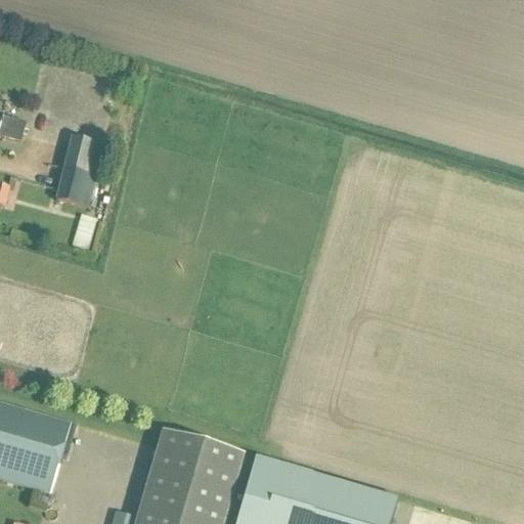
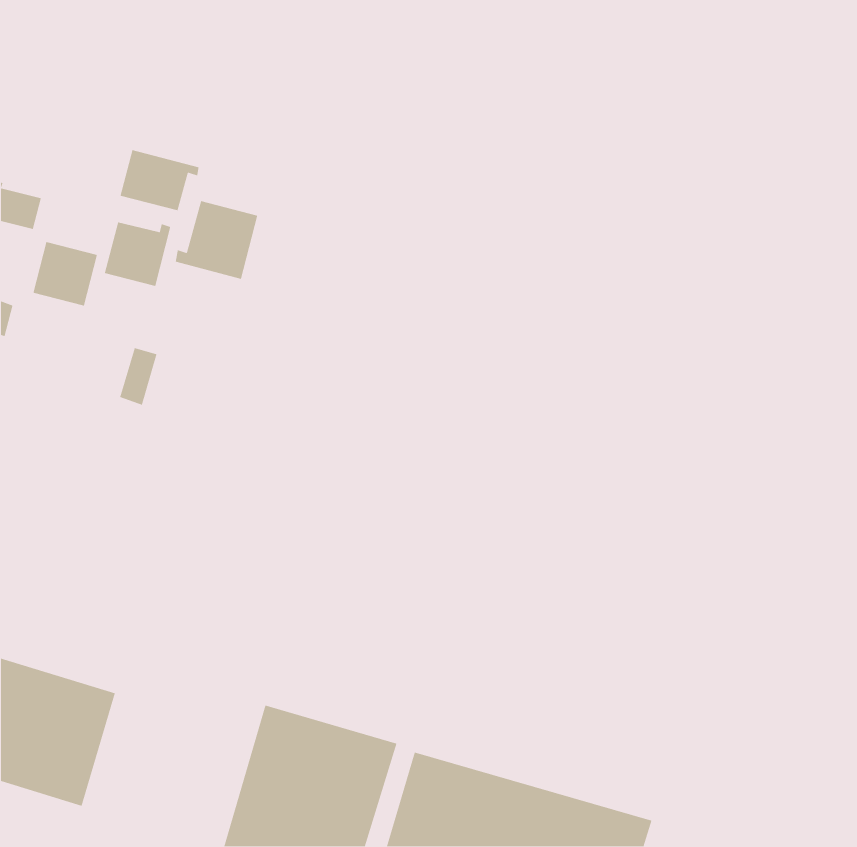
building: none -> [120,149,199,211]
building: none -> [175,200,258,280]
building: [55,167,95,207] -> [33,241,98,307]

